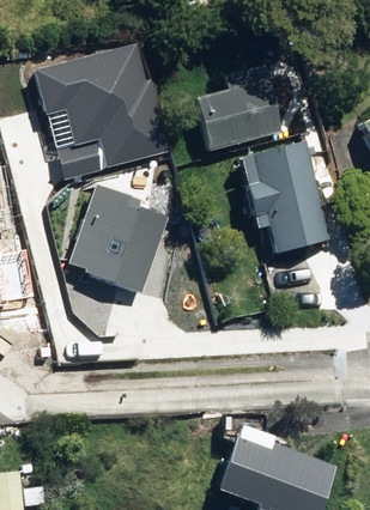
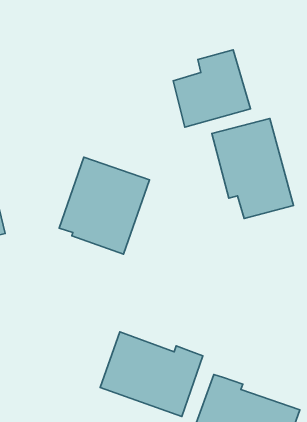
building: [32,37,169,174] -> none
building: none -> [100,332,203,417]

